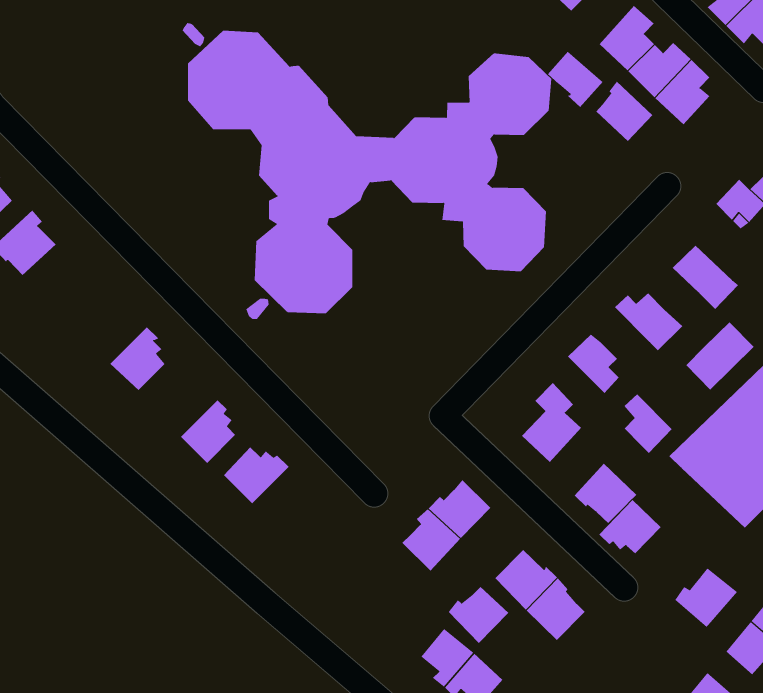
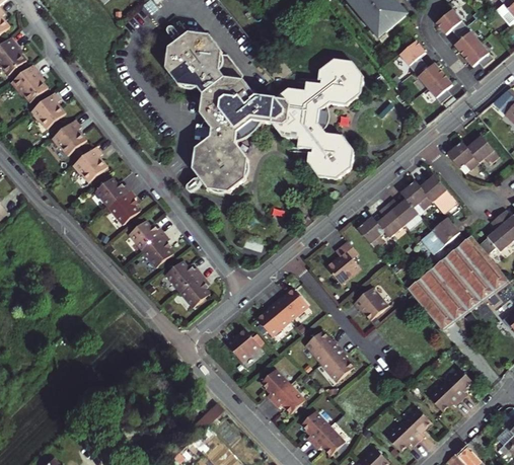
building: [547,51,604,108] -> none
building: [596,81,653,142] -> none
building: none -> [72,145,107,181]
building: none -> [400,179,433,209]
building: none -> [94,175,131,207]
building: none -> [129,219,165,250]
building: [623,394,672,454] -> [377,204,403,237]
building: none -> [178,273,209,307]
building: [599,499,661,554] -> none
building: [674,568,738,628] -> none
building: [448,586,509,644] -> [226,330,260,362]

